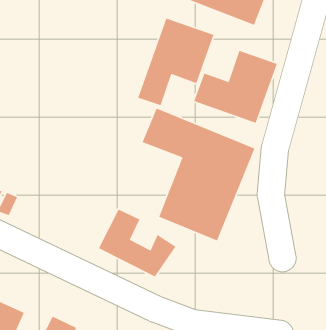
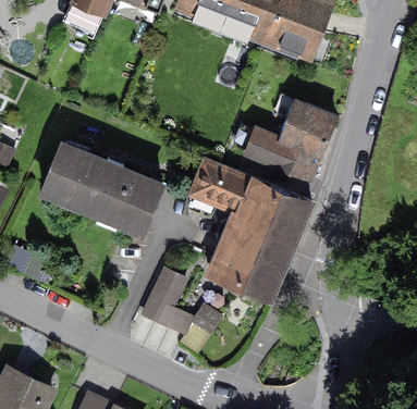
building: [137,17,214,106] -> none
building: none -> [33,139,168,243]

